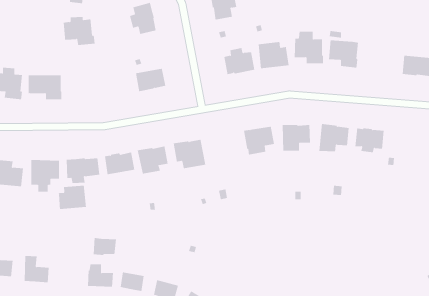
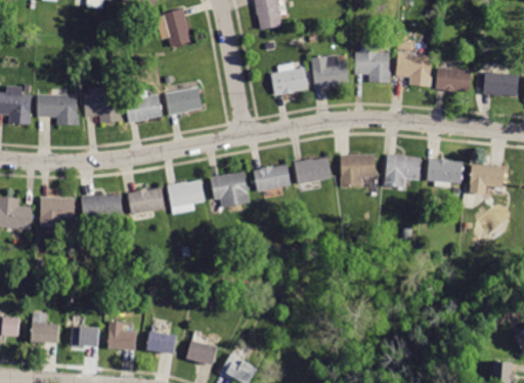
building: [63,16,95,45] -> [83,88,122,123]
building: none -> [435,68,472,92]
building: none -> [125,94,162,123]
building: none -> [470,164,505,188]
building: none -> [253,165,291,193]
building: [58,185,87,210] -> none
building: [93,238,117,255] -> [71,326,99,347]

